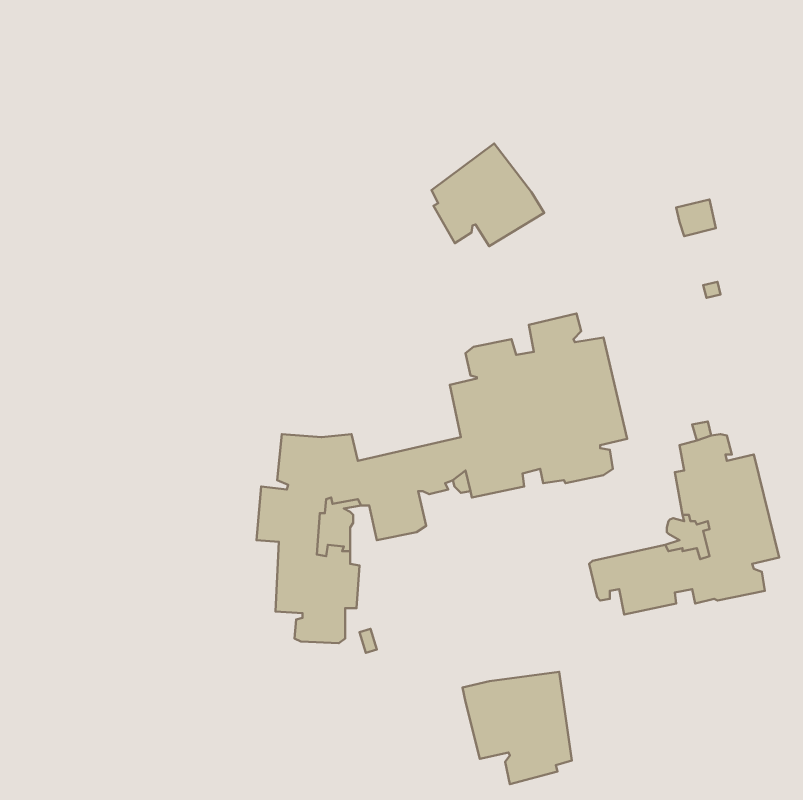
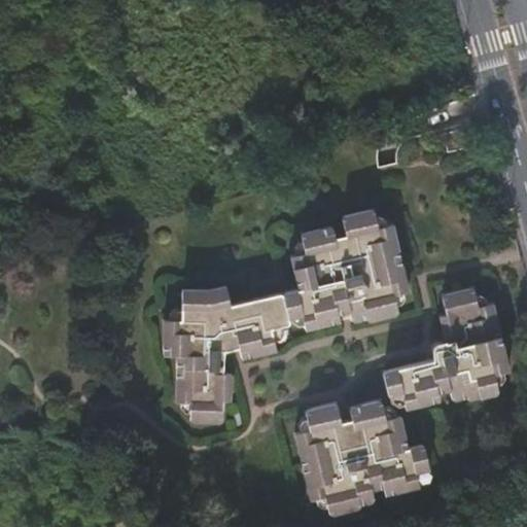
building: [431,143,544,246] -> none
building: none -> [296,399,429,500]

